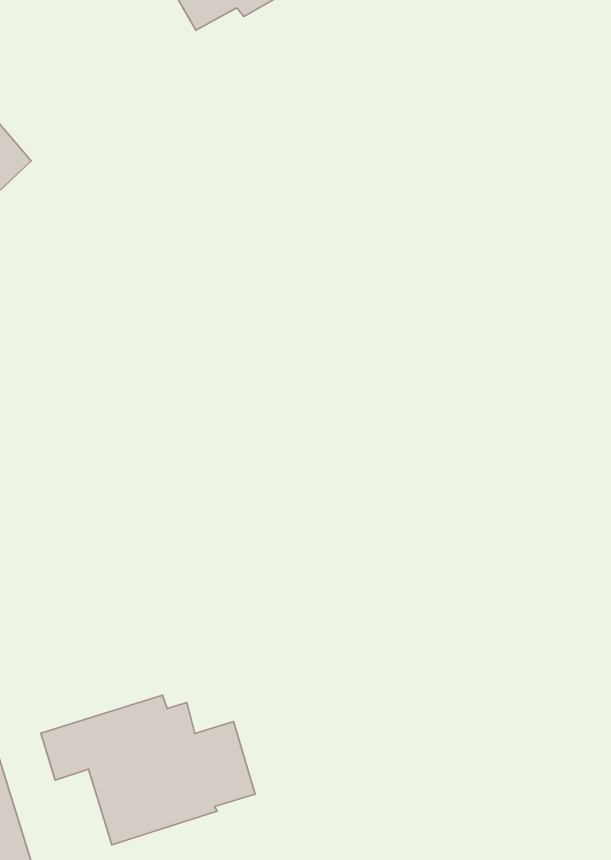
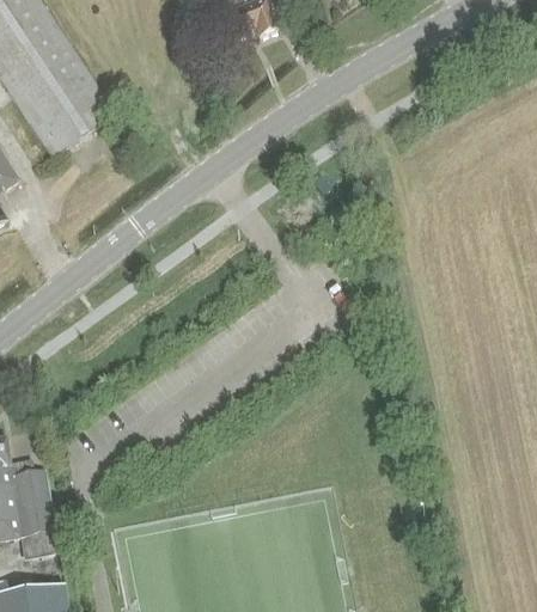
building: [41,695,255,845] -> none

